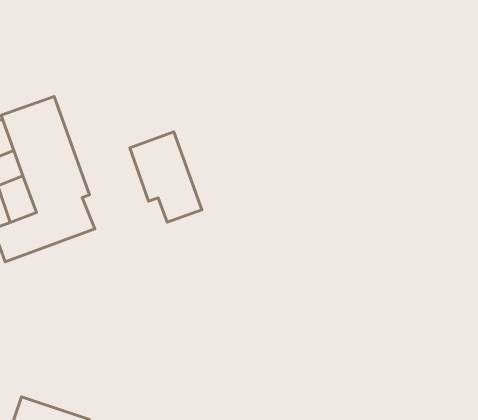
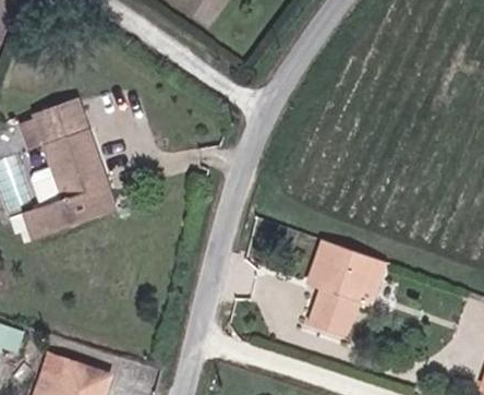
building: [130,132,202,222] -> none
building: none -> [307,240,385,338]

